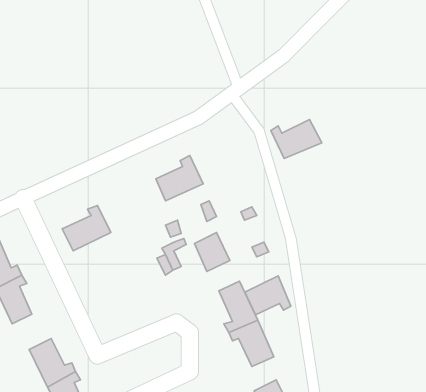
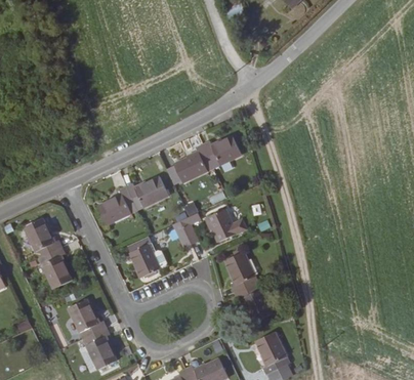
building: [271,120,322,159] -> [202,135,245,168]
building: none -> [124,177,165,209]
building: none -> [126,240,159,278]
building: [245,276,291,315] -> none

